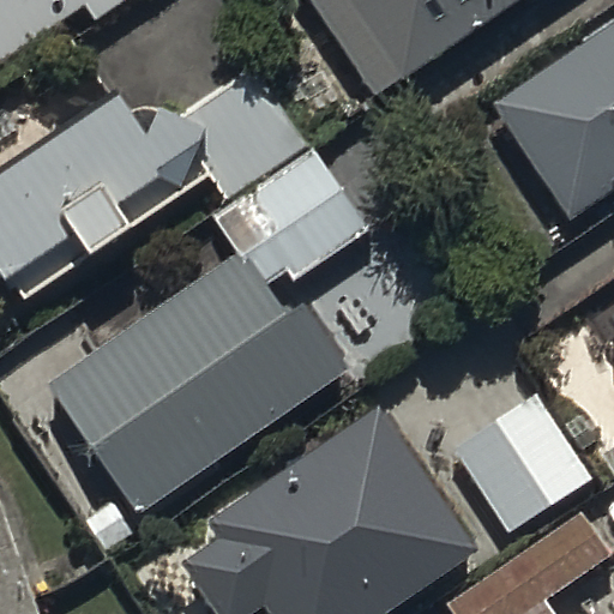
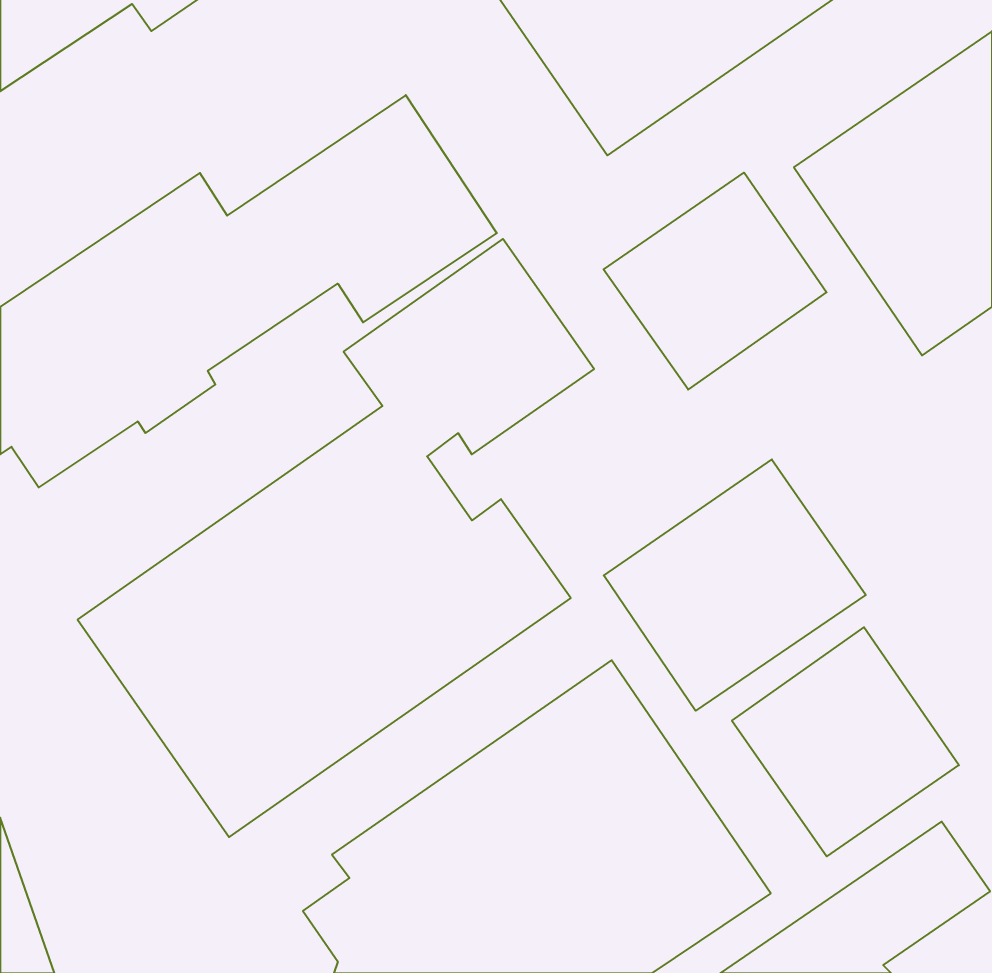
building: none -> [604,173,827,390]
building: none -> [604,459,866,711]

